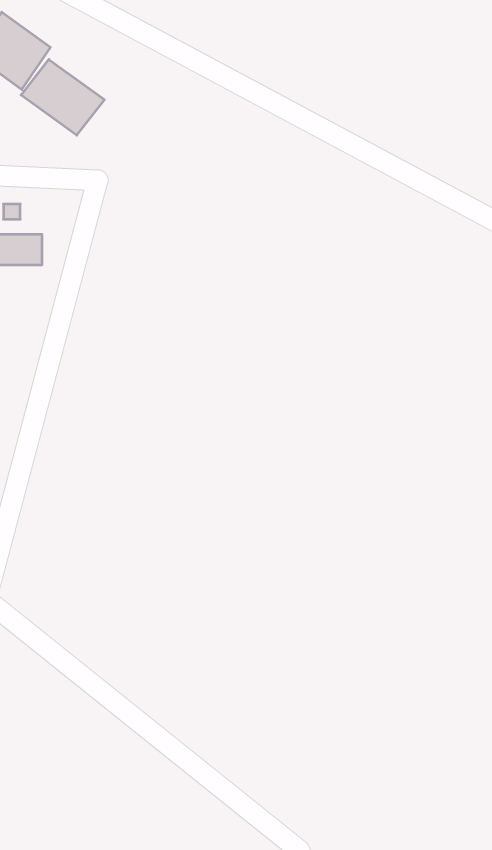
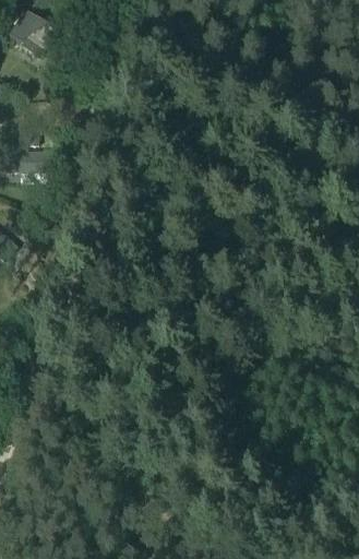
building: [21,59,104,135] -> none

